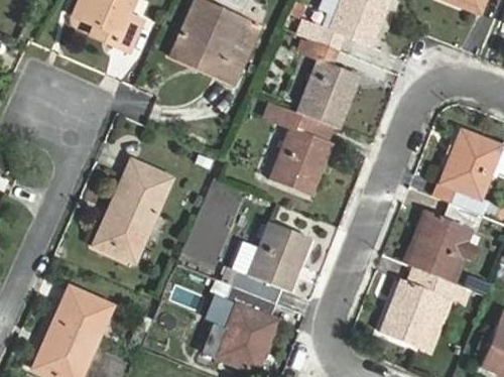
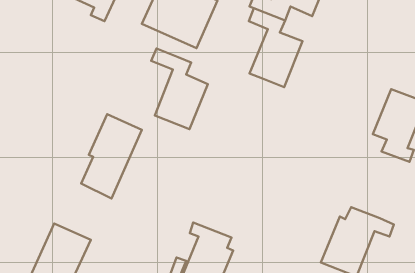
building: [265,102,331,196] -> [151,49,208,129]
building: [405,203,482,280] -> none
building: [225,222,308,302] -> none

